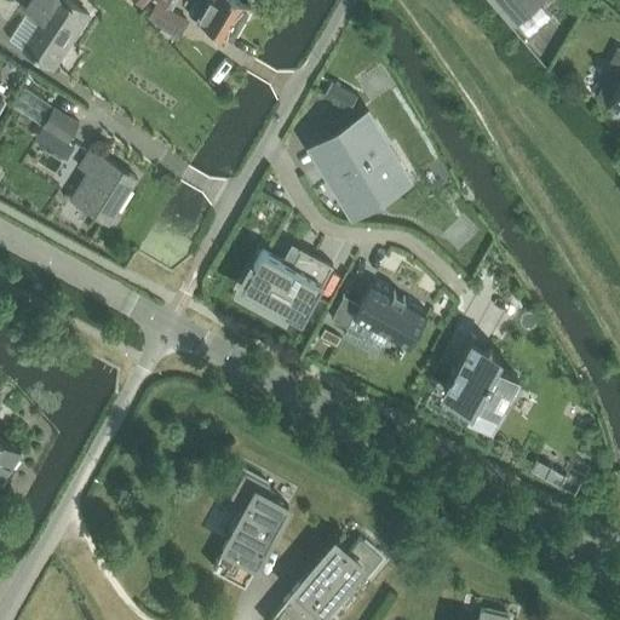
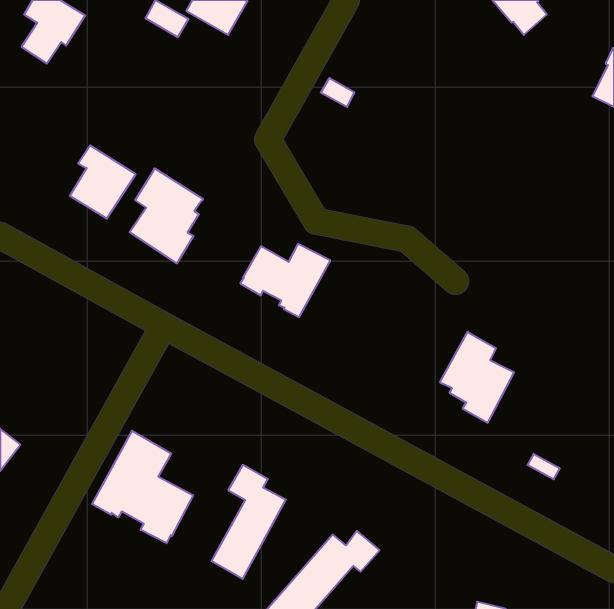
building: [12,91,80,145] -> none
building: [316,120,403,207] -> none
building: none -> [130,168,203,263]
building: [331,285,427,350] -> none
building: none -> [92,431,193,543]

